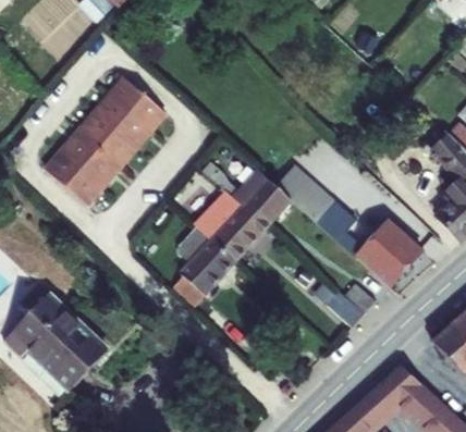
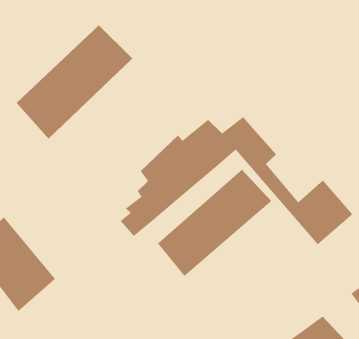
building: none -> [157,169,272,277]
building: [329,283,373,330] -> none

